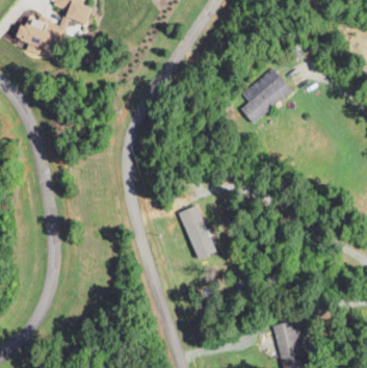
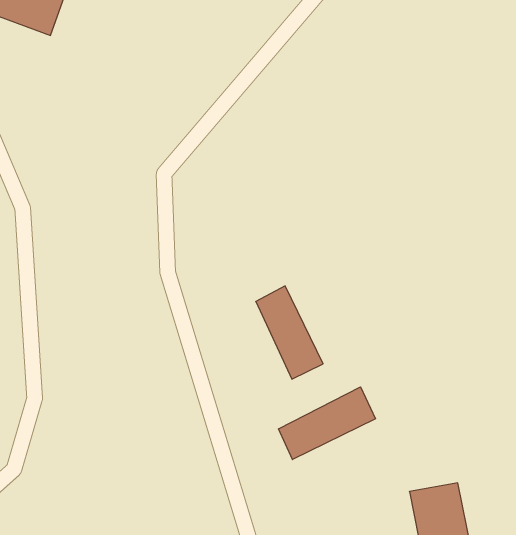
building: [237,67,291,127] -> none
building: none -> [279,387,376,460]

